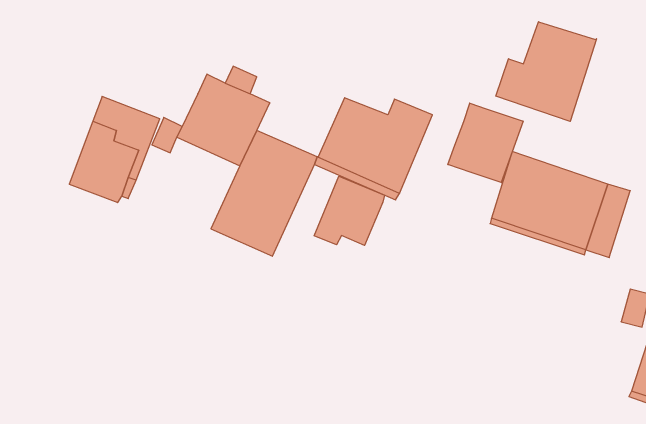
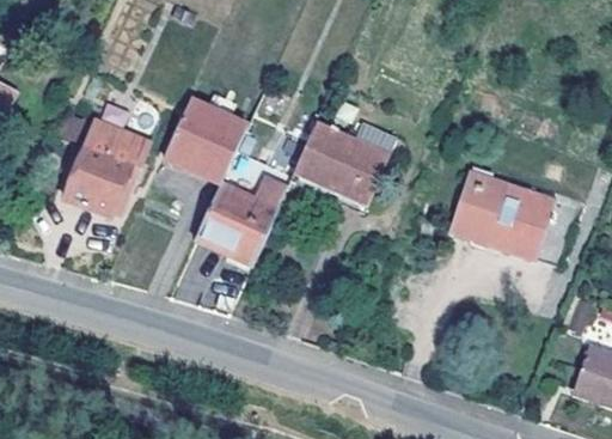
building: [496,22,596,121] -> none
building: [448,103,523,183] -> none
building: [314,176,384,245] -> none

